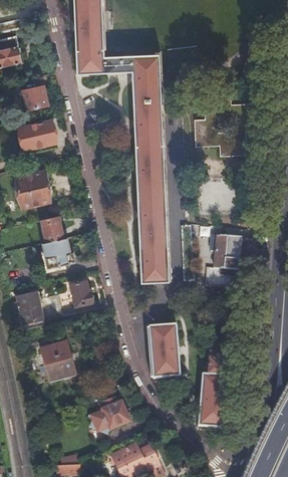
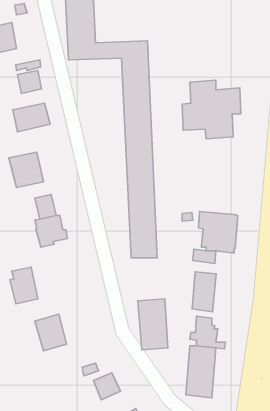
building: [69,280,92,306] -> none
building: none -> [192,272,216,312]

